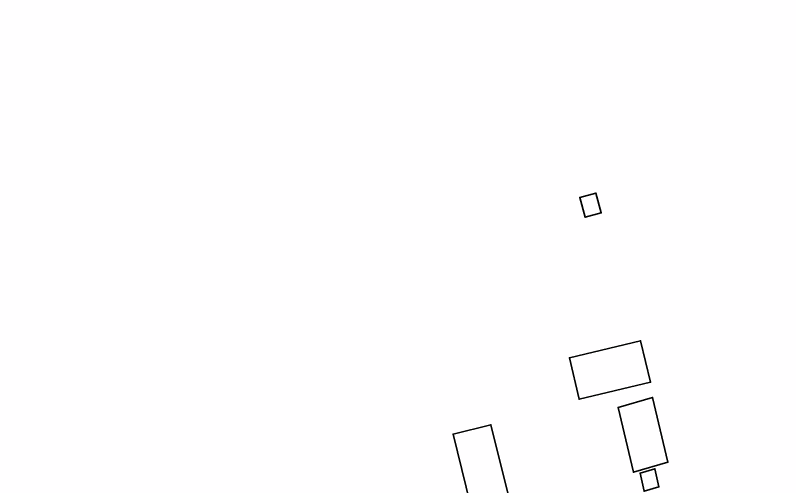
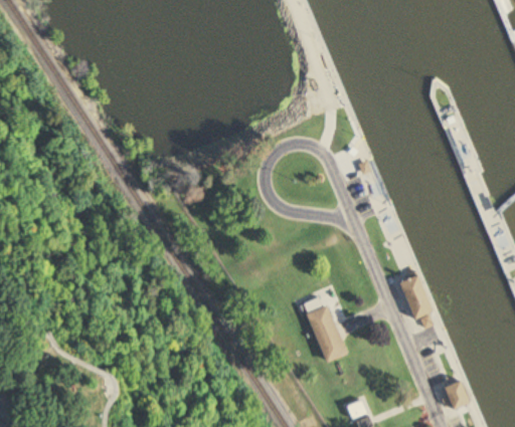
building: [569,341,650,399] -> none

